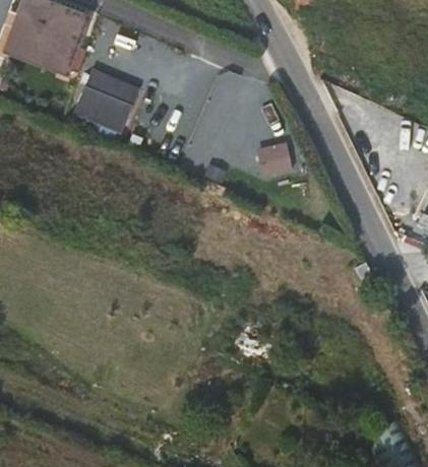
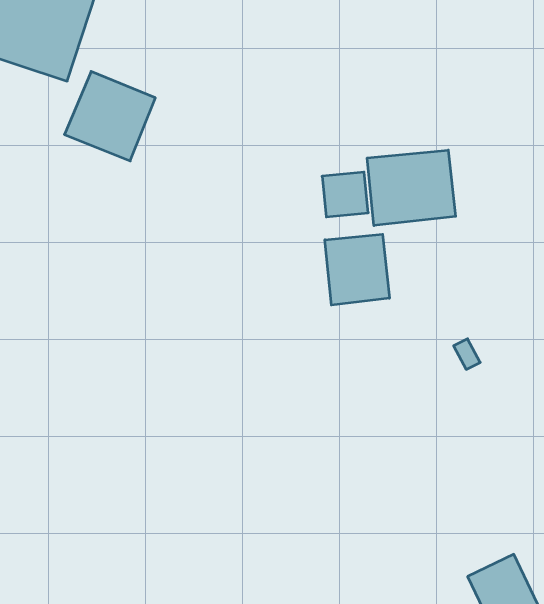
building: none -> [367,150,456,226]
building: none -> [325,234,389,305]

